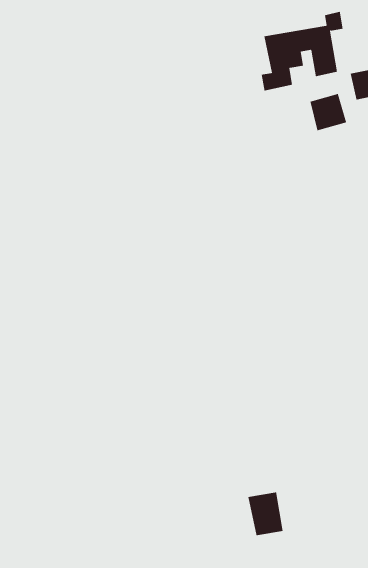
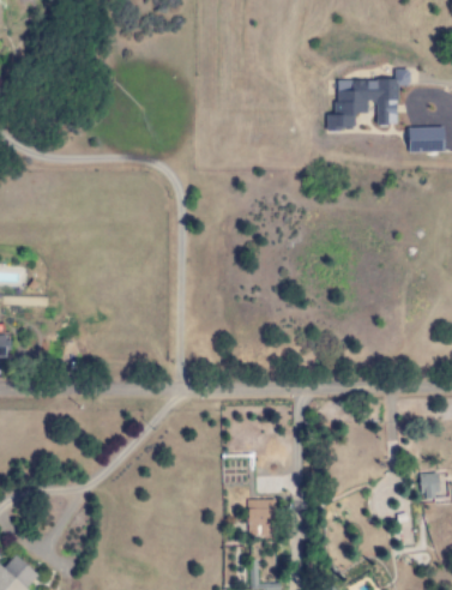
building: [310,93,347,131] -> none

